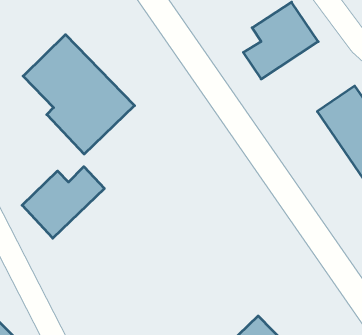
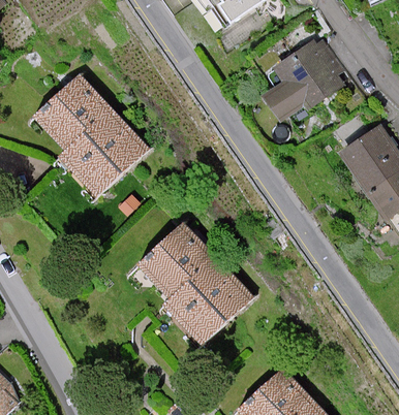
building: [22,167,104,238] -> none
building: none -> [137,226,252,348]

